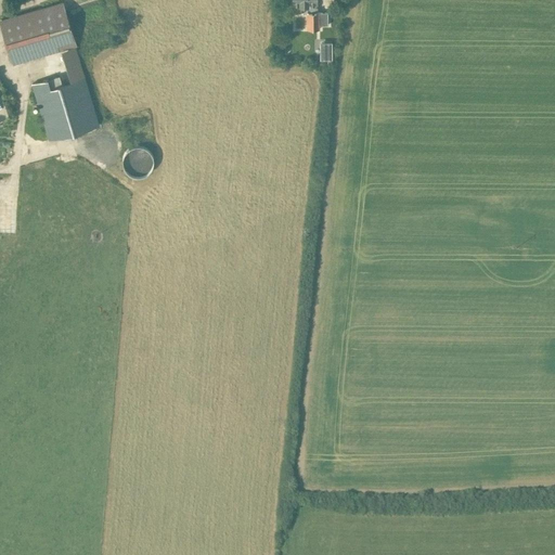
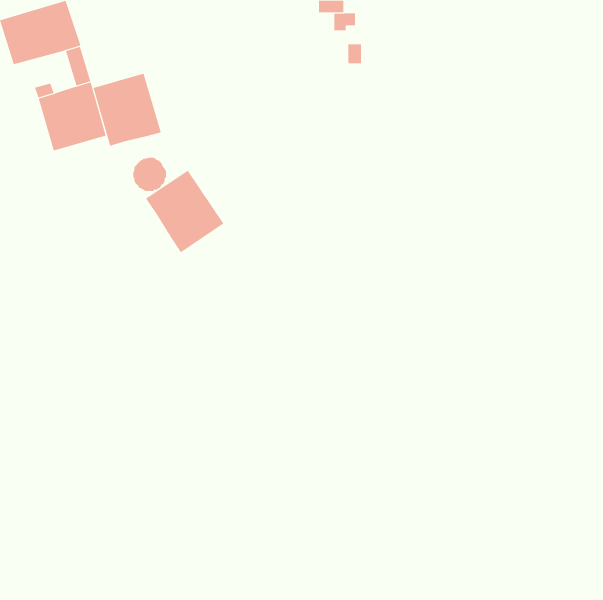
building: none -> [93,73,162,146]
building: none -> [145,170,224,253]

